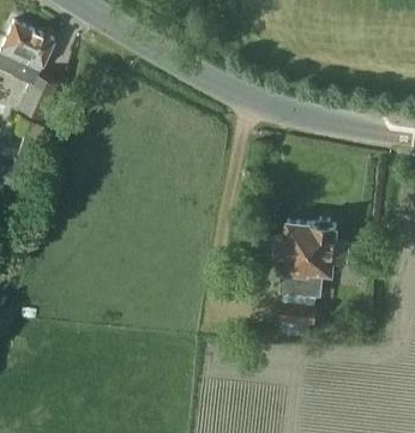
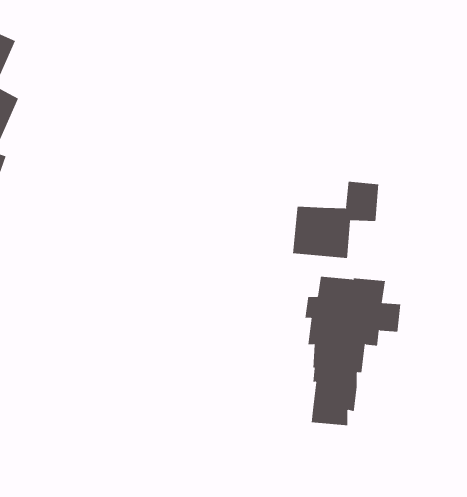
building: none -> [293,181,379,259]

